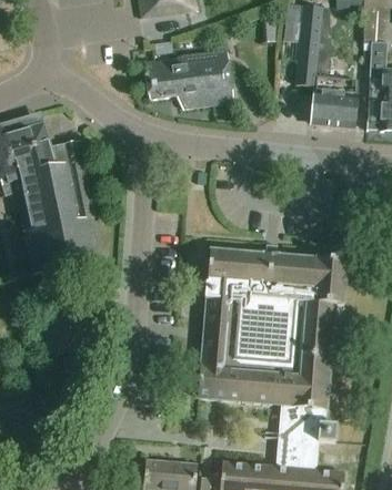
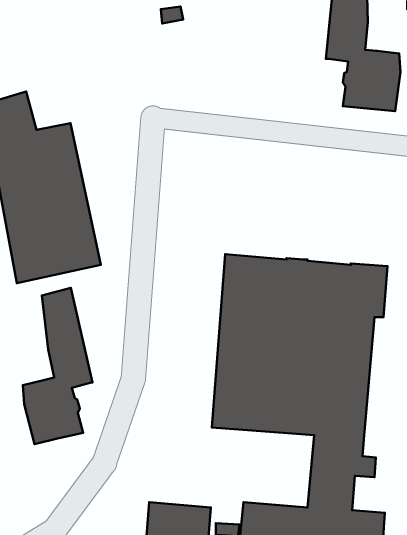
building: [140,50,232,109] -> none
building: none -> [23,288,93,444]

